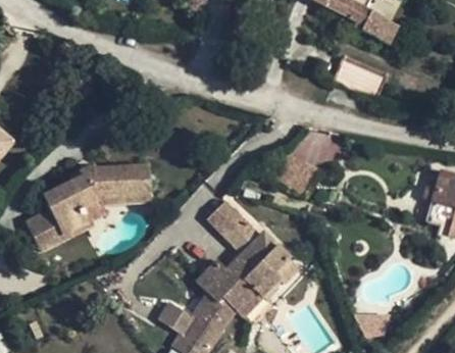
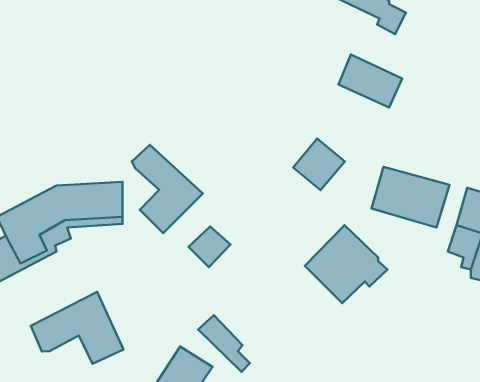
building: none -> [132,145,203,233]
building: none -> [372,167,450,227]
building: [228,230,298,296] -> [305,225,388,303]
building: none -> [31,292,124,364]

